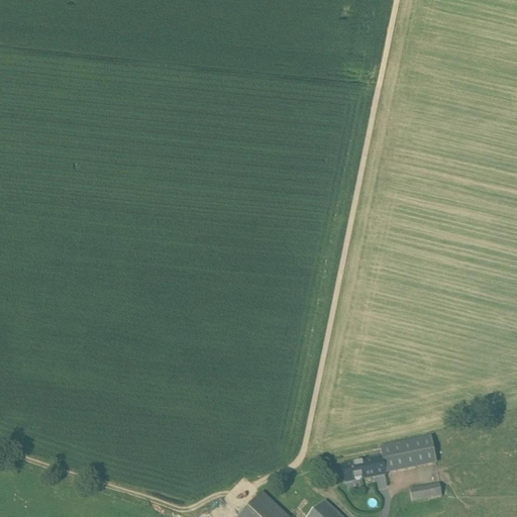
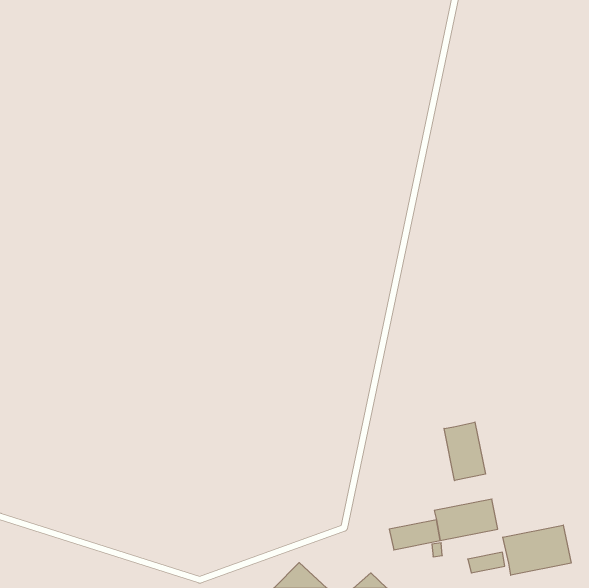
building: none -> [444,422,485,481]
building: none -> [503,525,571,575]

